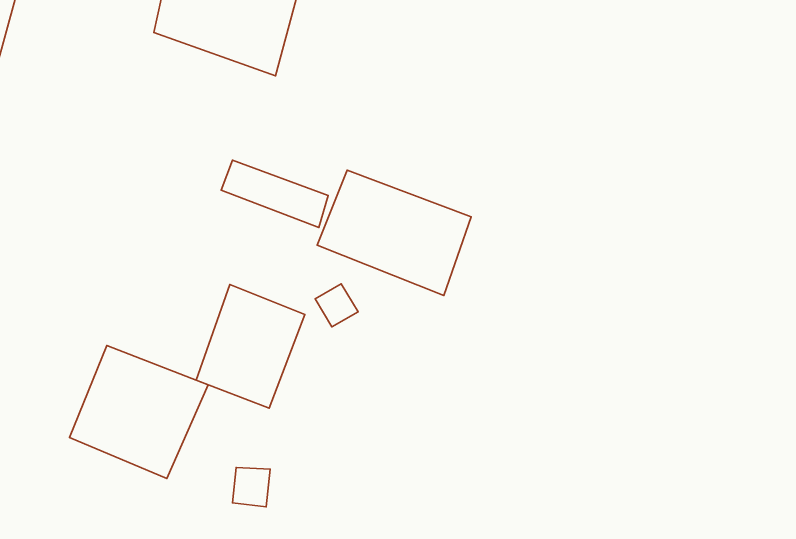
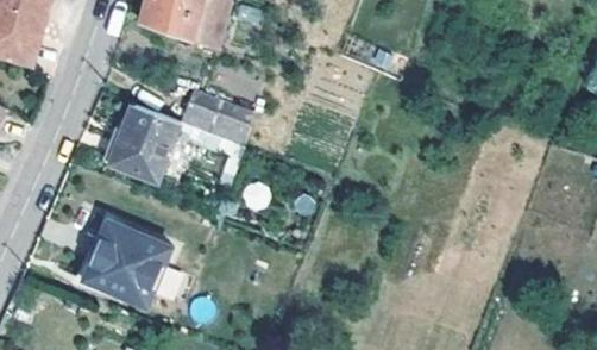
building: [317,170,471,295] -> none
building: [196,285,305,408] -> [111,102,180,181]

